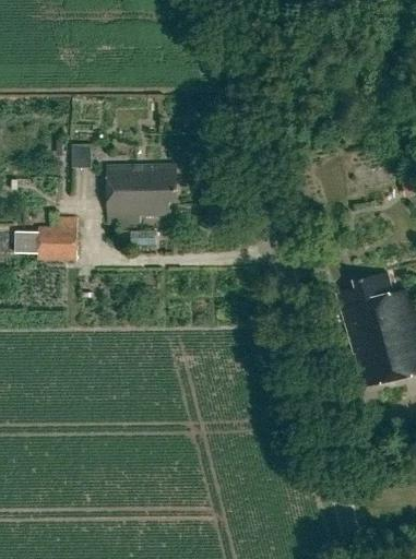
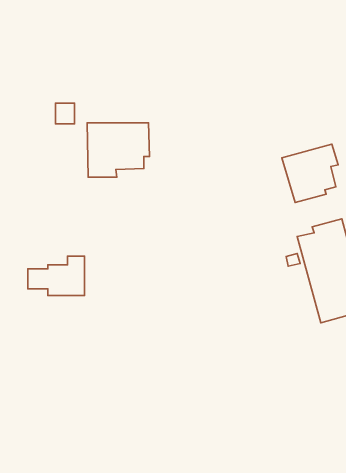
building: none -> [282,144,338,203]
building: [16,215,79,259] -> [28,256,84,296]

